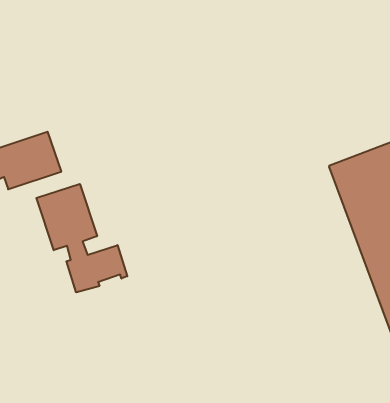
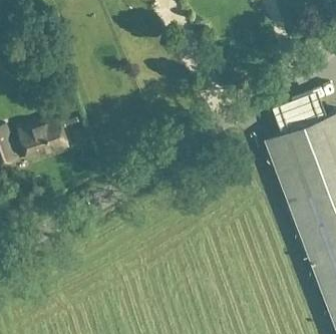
building: [36,184,127,292] -> none

